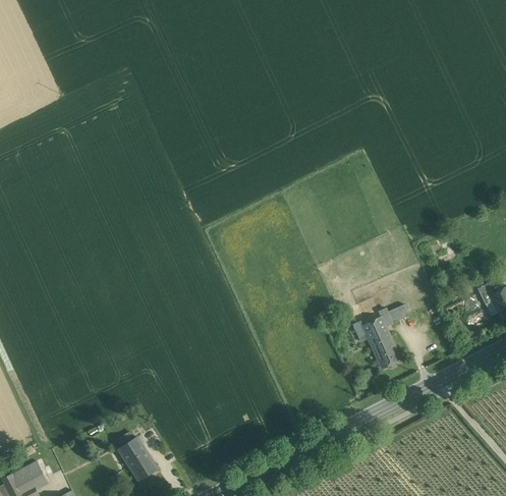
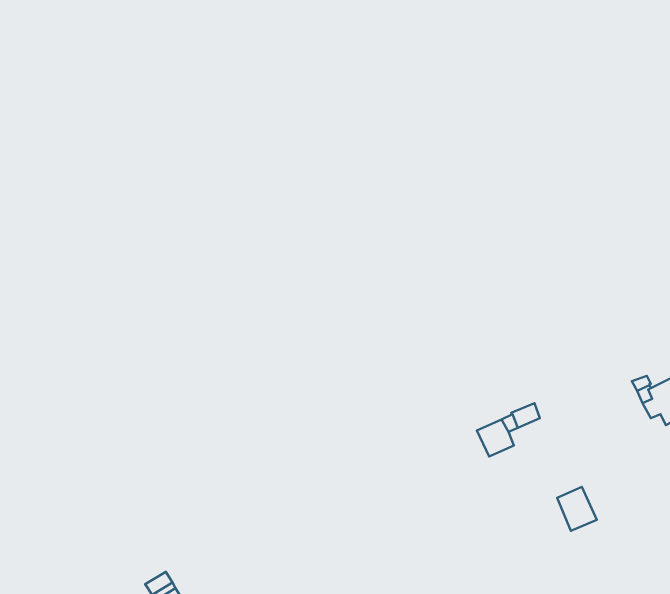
building: [372,336,401,369] -> [557,487,597,531]

